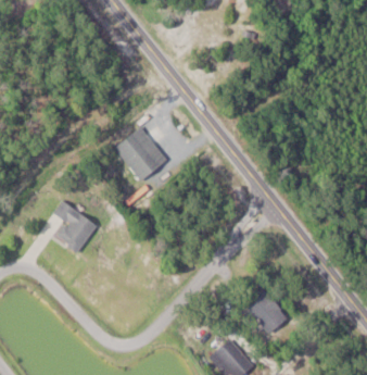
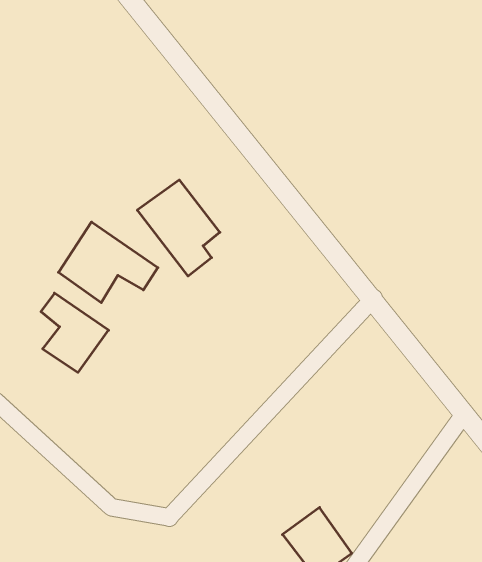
building: none -> [58,222,158,303]
building: [242,286,288,333] -> none

